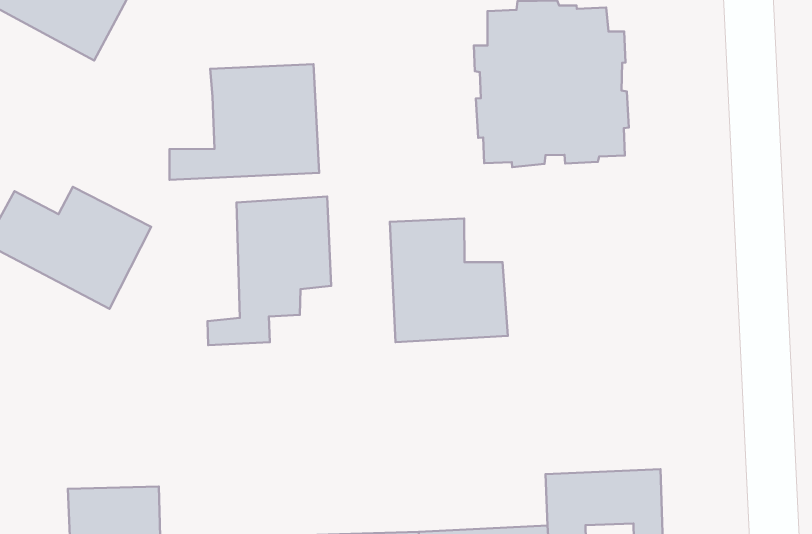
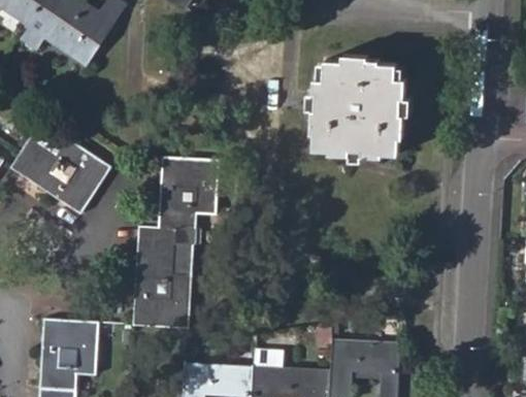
building: [169,64,319,180] -> none
building: [390,219,508,342] -> none
building: none -> [132,241,193,328]

